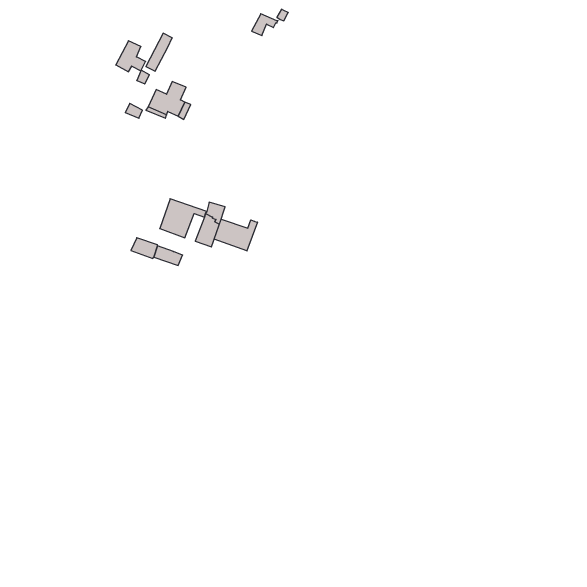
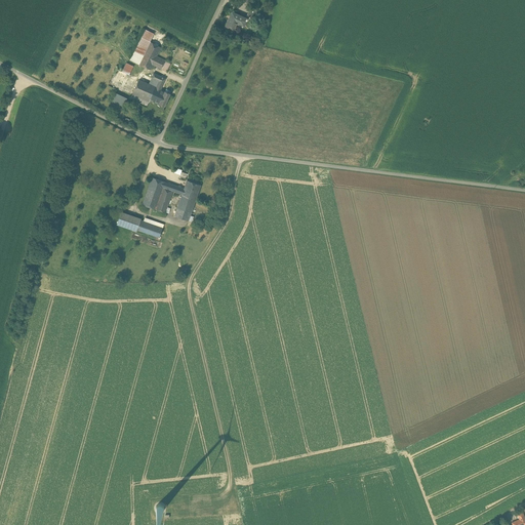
building: [116,41,146,72] -> [138,42,165,70]
building: [214,219,257,251] -> none

